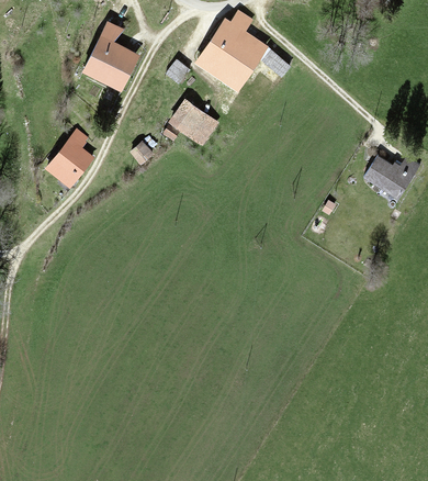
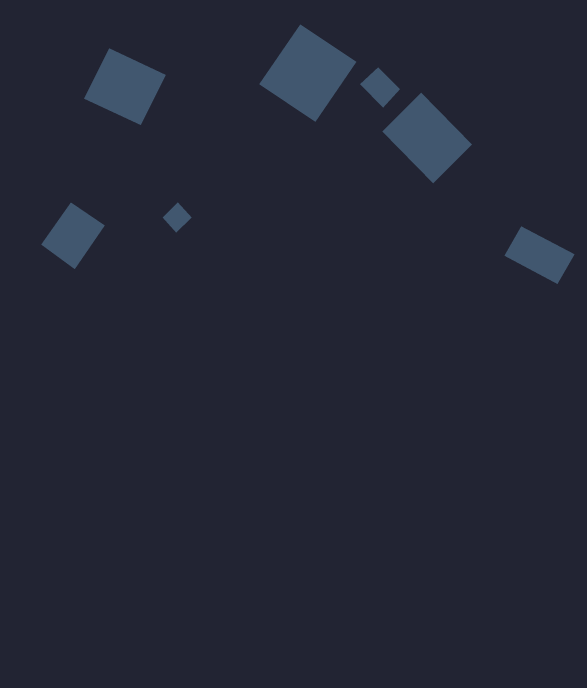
building: none -> [381,92,473,184]
building: [168,99,218,143] -> none

